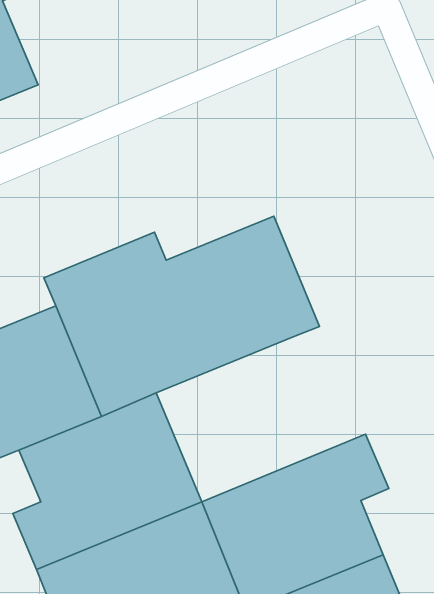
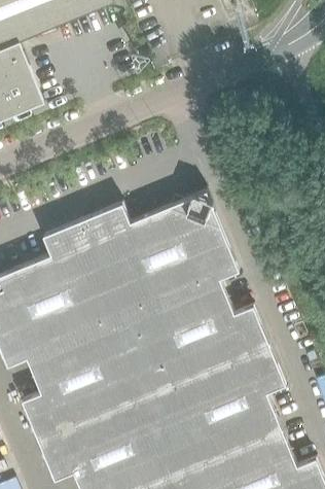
building: none -> [122,278,268,393]

